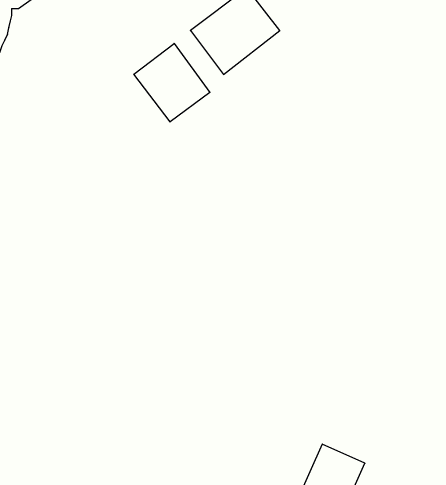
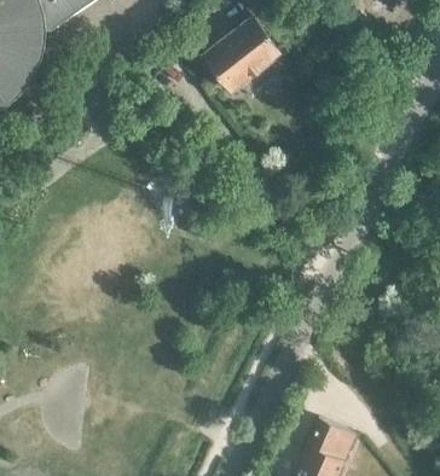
building: [134,43,210,122] -> none

